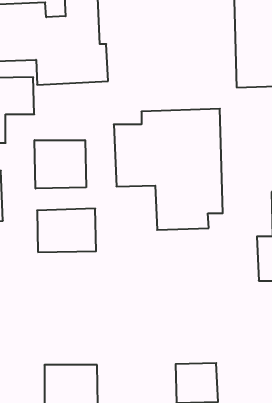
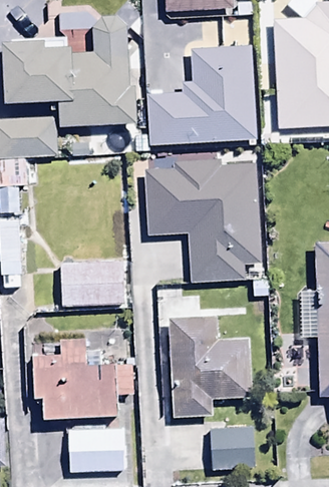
building: none -> [146,45,257,144]
building: [35,140,86,189] -> none
building: none -> [170,313,252,417]
building: none -> [33,338,133,416]

